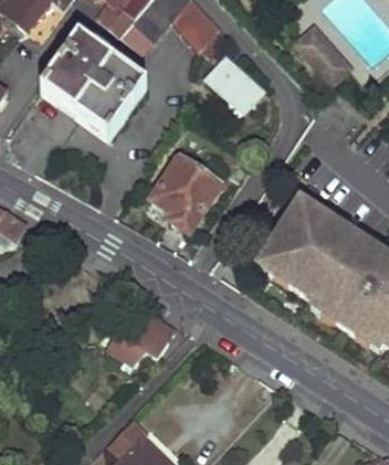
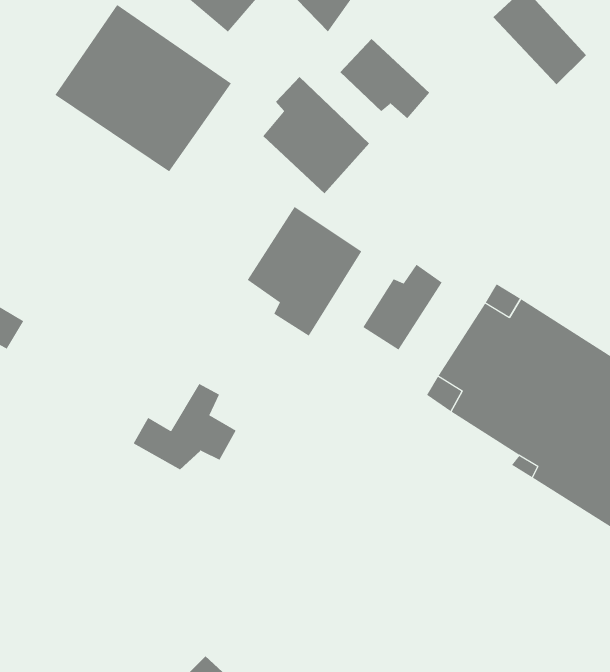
building: none -> [262,76,370,194]
building: none -> [363,264,442,351]
building: [108,311,169,362] -> [133,383,237,470]

